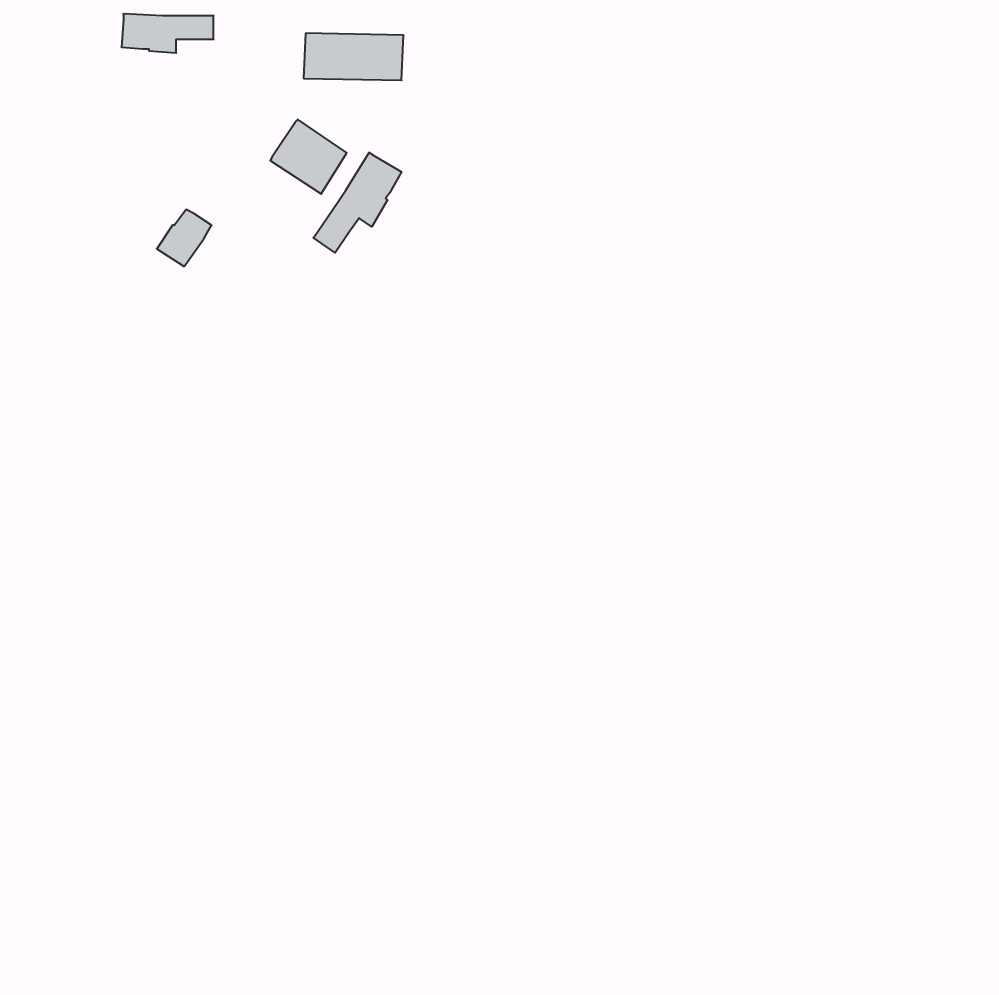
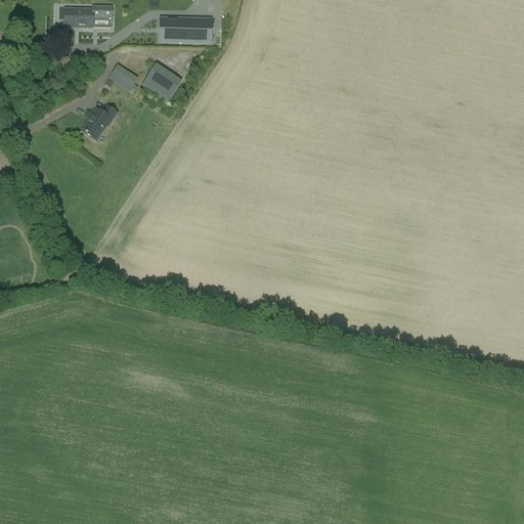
building: none -> [110,62,139,90]
building: [313,152,401,253] -> none

